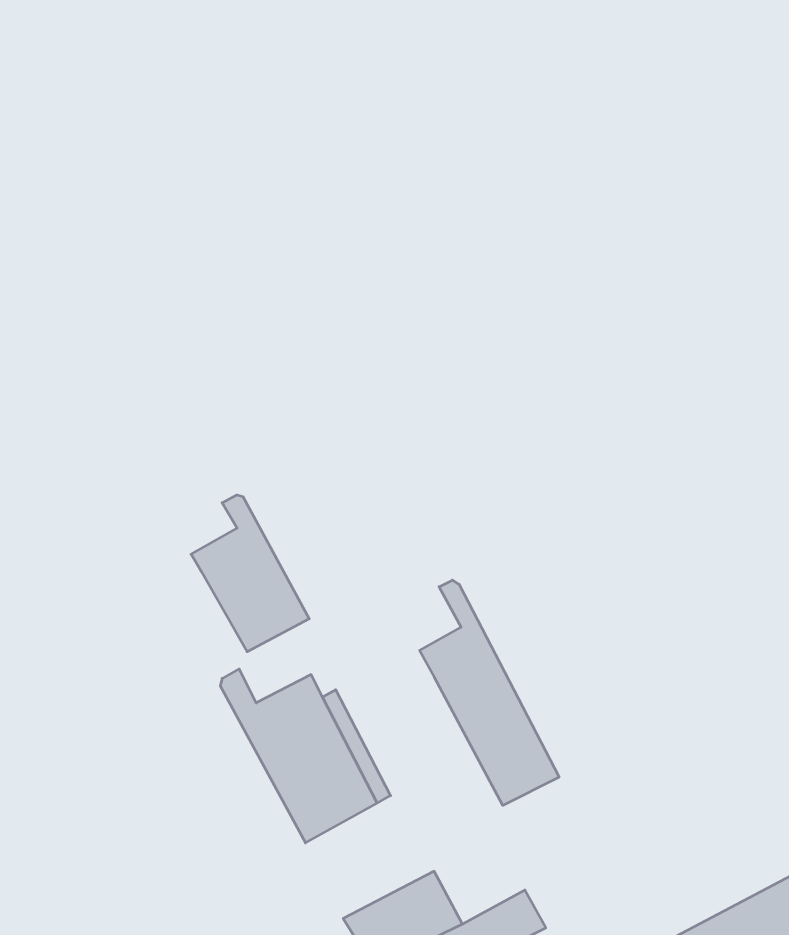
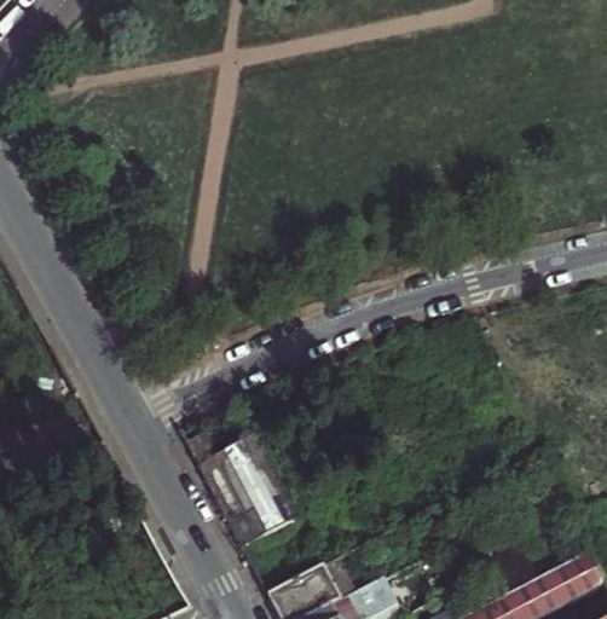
building: [191,495,309,652] -> none
building: [420,580,559,805] -> none

